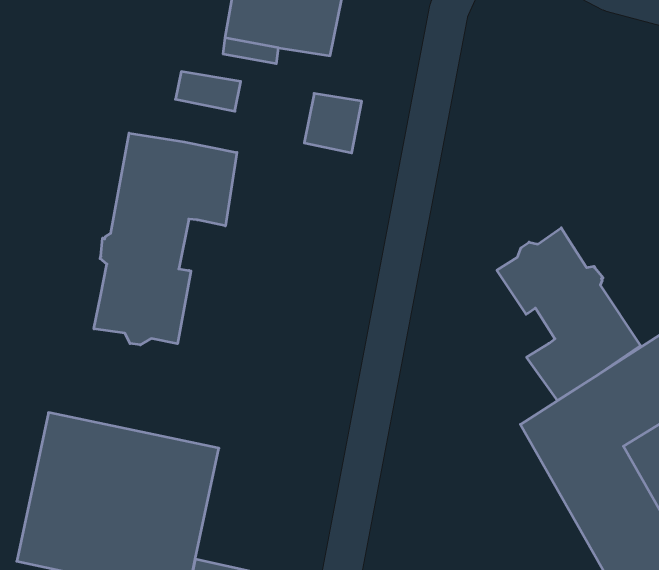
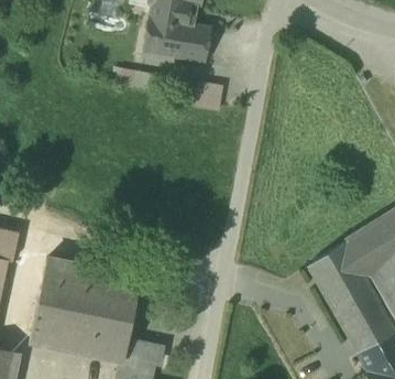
building: [94,133,237,345] -> none
building: [497,228,641,401] -> none

